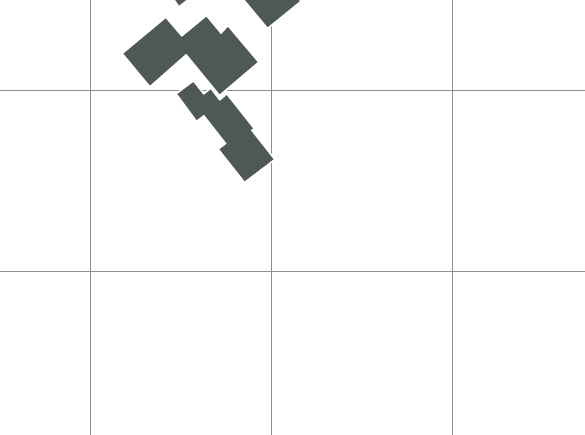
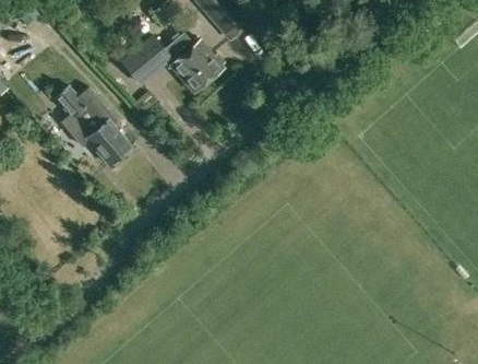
building: [176,81,275,183] -> [57,86,131,163]

